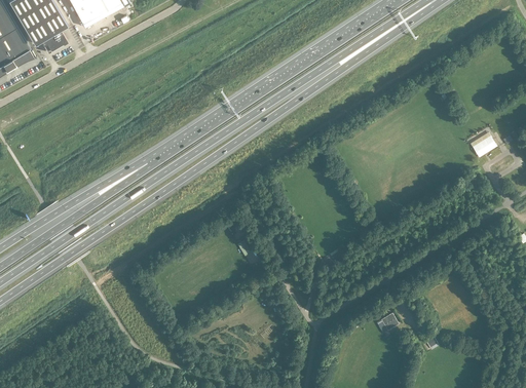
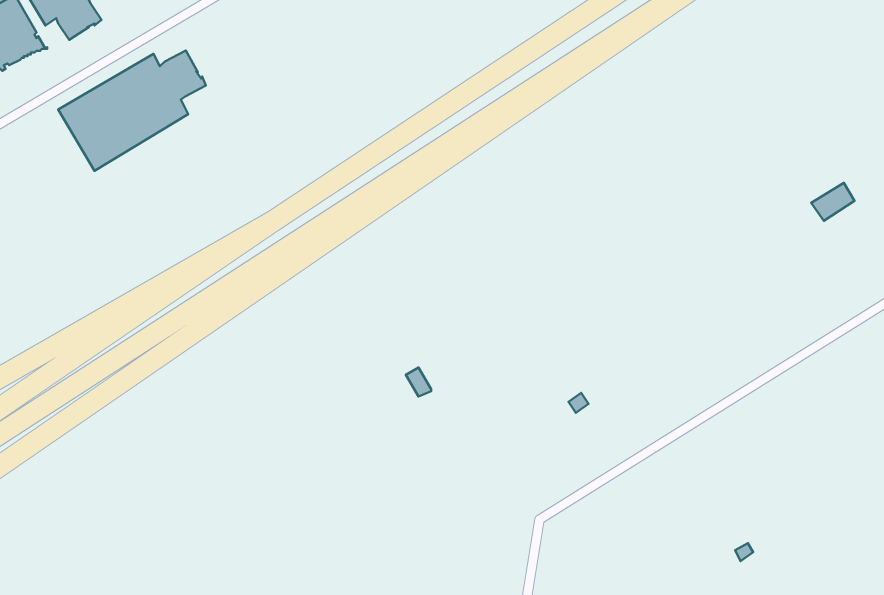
building: none -> [58,50,206,171]

